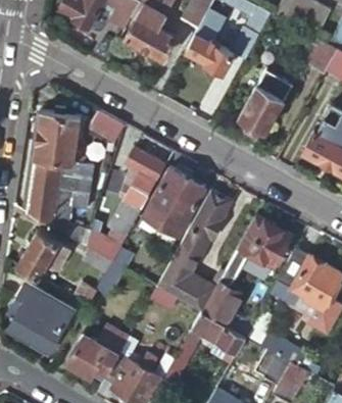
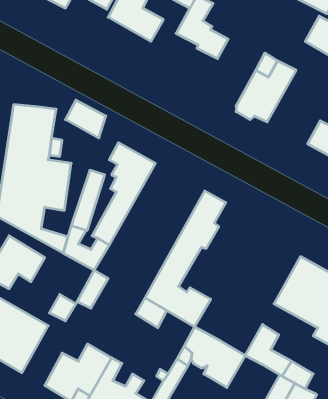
building: [153,169,206,232] -> none
building: [202,216,291,324] -> none

